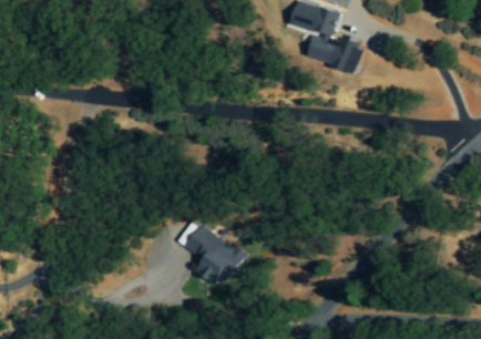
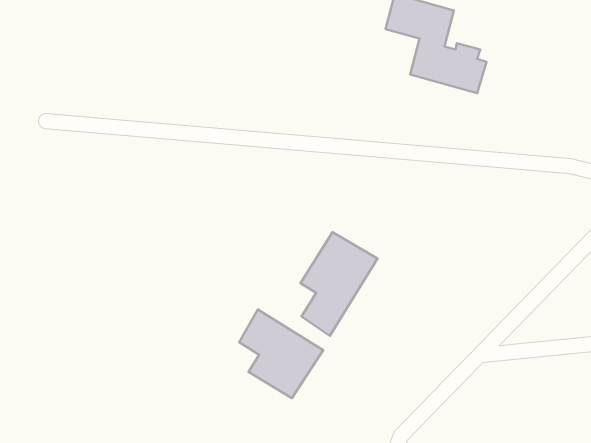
building: none -> [300,232,378,336]

